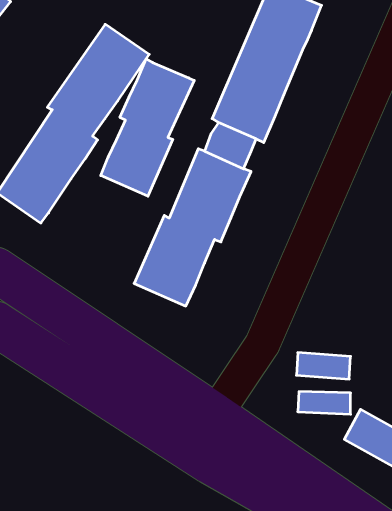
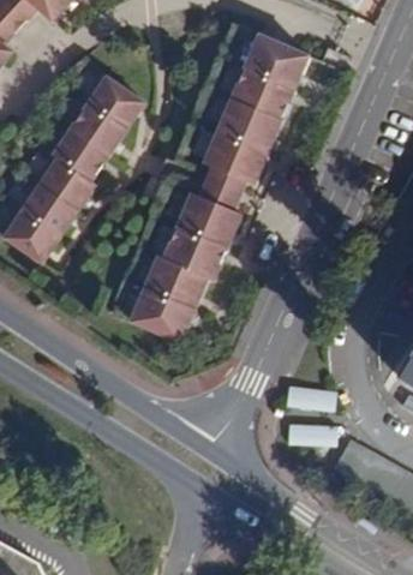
building: [101,59,194,196] -> none

